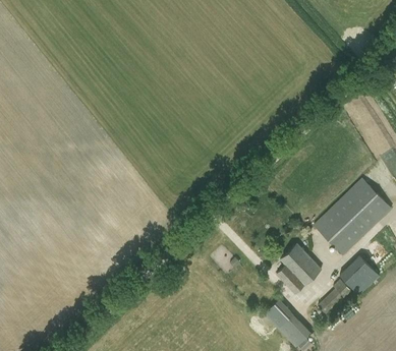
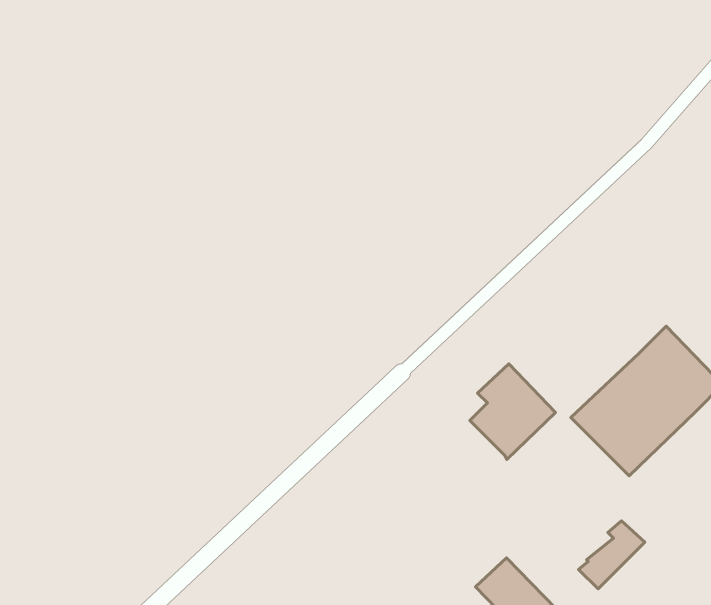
building: [276,243,321,293] -> [470,364,555,459]
building: [339,254,379,295] -> none

